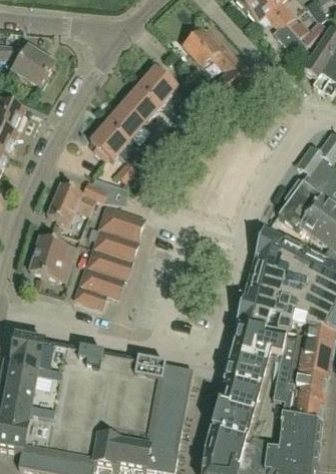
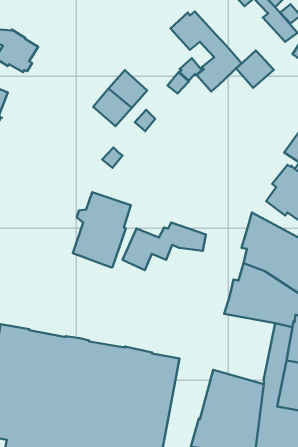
building: none -> [236,50,274,88]
building: [138,66,178,105] -> none
building: [90,121,129,159] -> none
building: [47,176,129,223] -> [122,222,206,270]
building: [30,235,76,280] -> none
building: [74,266,124,308] -> none
building: [225,326,287,395] -> none

